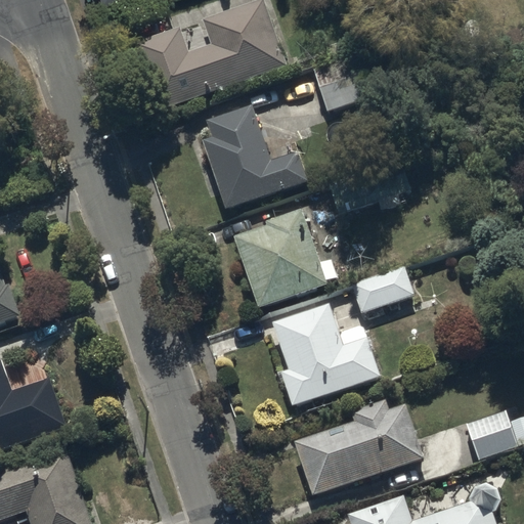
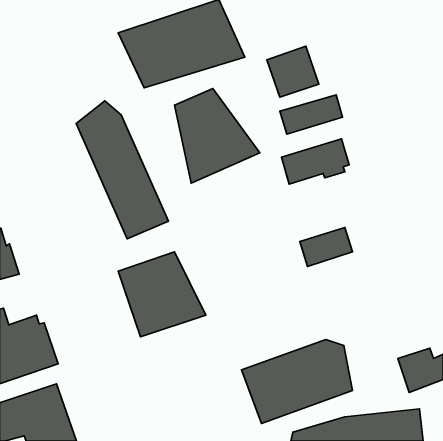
building: none -> [280,95,343,134]
building: none -> [76,101,169,239]
building: [227,213,331,313] -> [118,252,206,337]
building: [273,304,380,407] -> none

